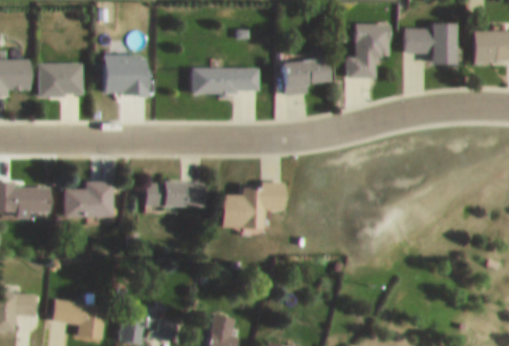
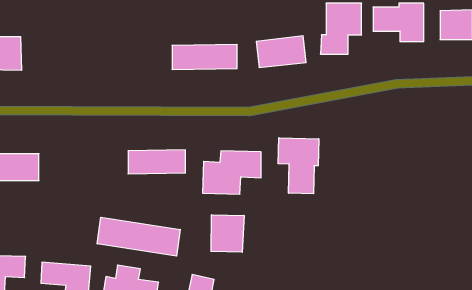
building: [99,56,149,96] -> none
building: [37,64,82,97] -> none
building: none -> [278,138,319,194]
building: [64,181,112,215] -> none
building: none -> [211,215,244,252]
building: none -> [97,217,180,256]

